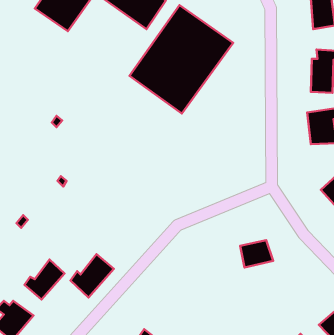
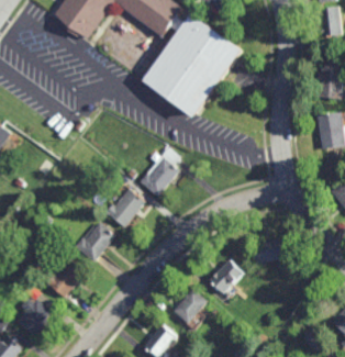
building: none -> [137,149,179,197]
building: none -> [108,190,144,227]
building: [70,254,114,297] -> [74,221,115,263]
building: none -> [209,260,243,293]
building: none -> [174,289,207,323]

